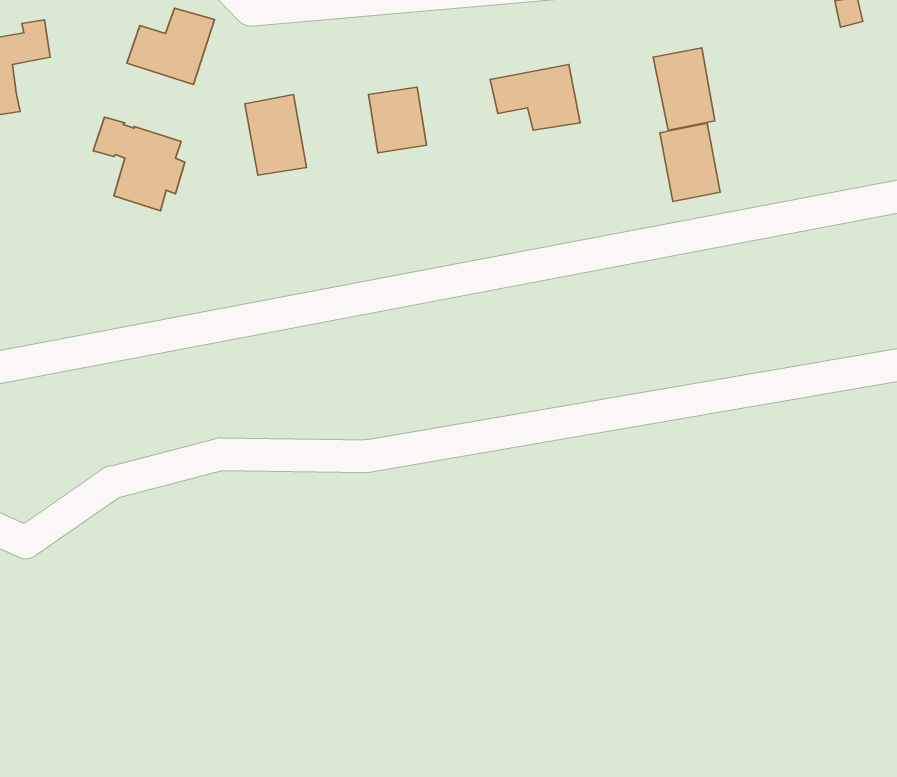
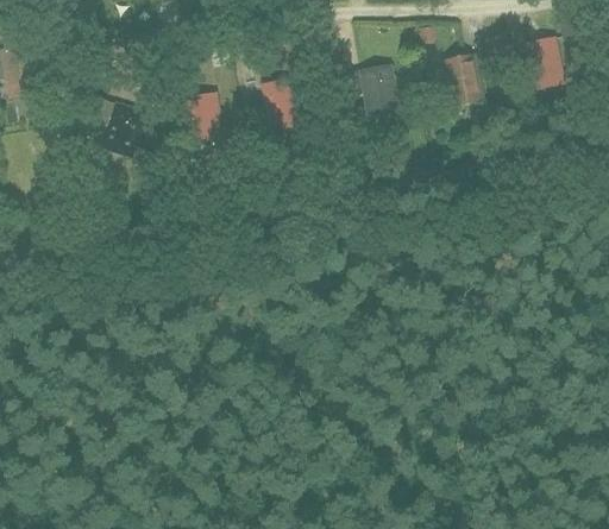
building: [127,8,215,84] -> none
building: none -> [526,39,560,82]
building: [660,123,720,202] -> none

